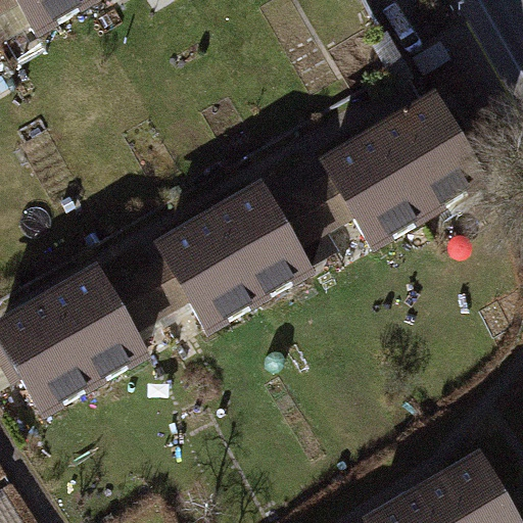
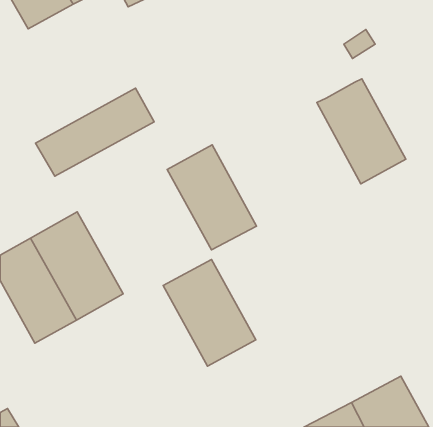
building: none -> [36,88,154,176]
building: [324,124,435,252] -> none
building: [144,204,255,333] -> [163,259,256,366]

